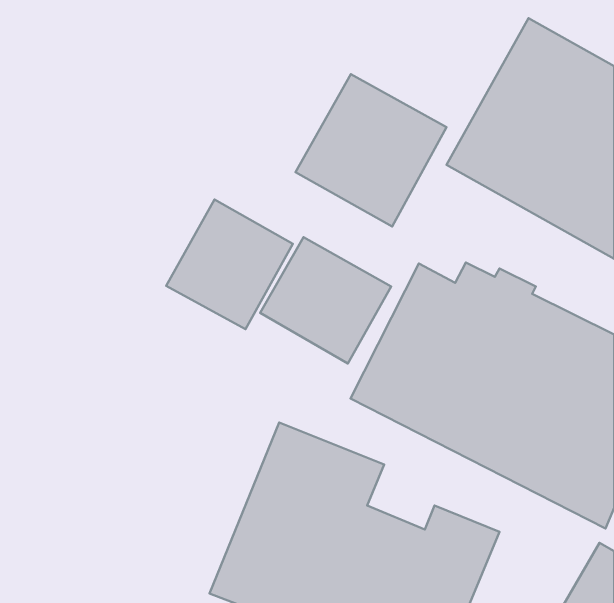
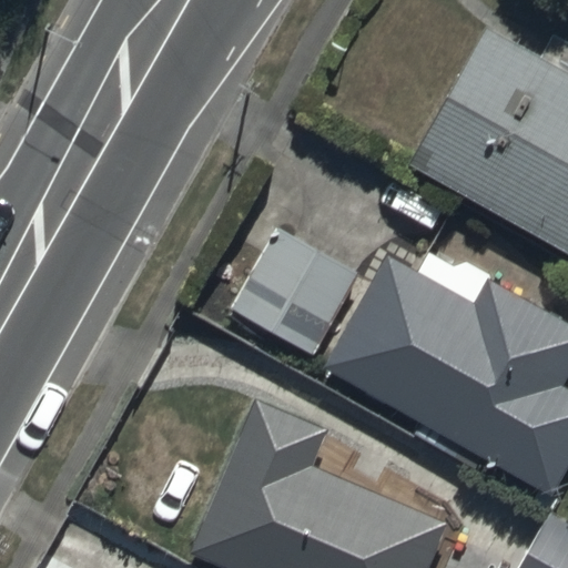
building: [295,74,446,227] -> none
building: [166,200,293,329] -> none

